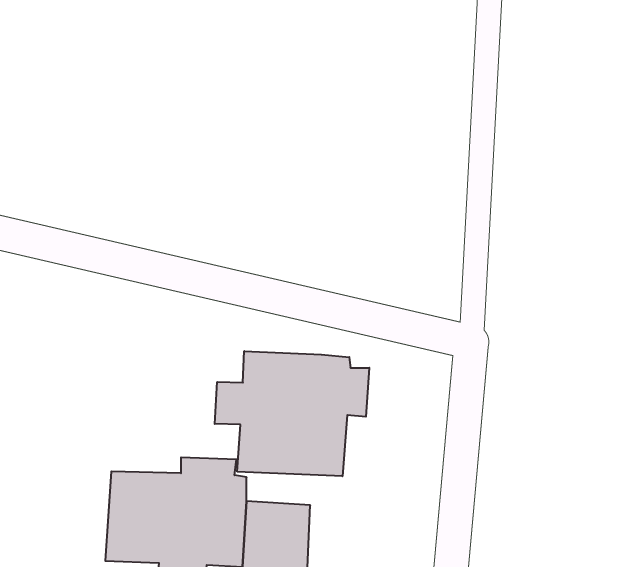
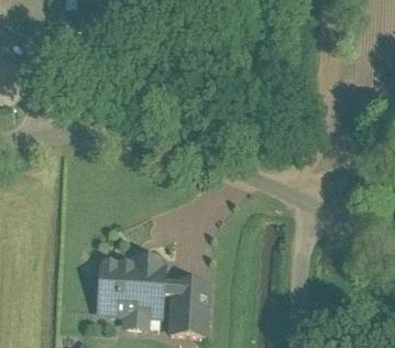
building: [215,351,369,476] -> none

